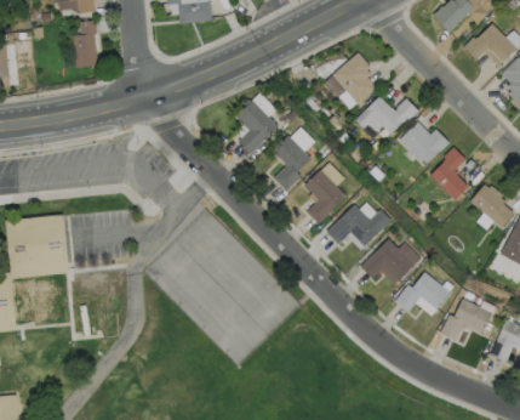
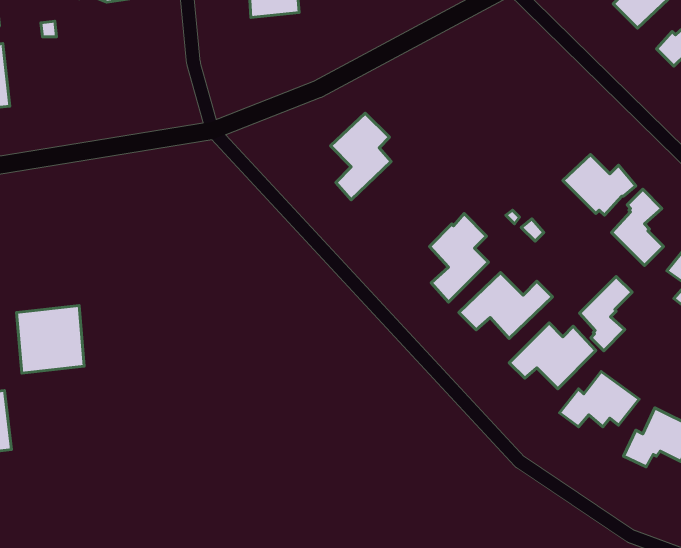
building: [73,21,98,68] -> none
building: [324,51,376,103] -> none
building: [354,95,418,135] -> none
building: [272,126,314,189] -> none
building: none -> [580,276,632,351]

